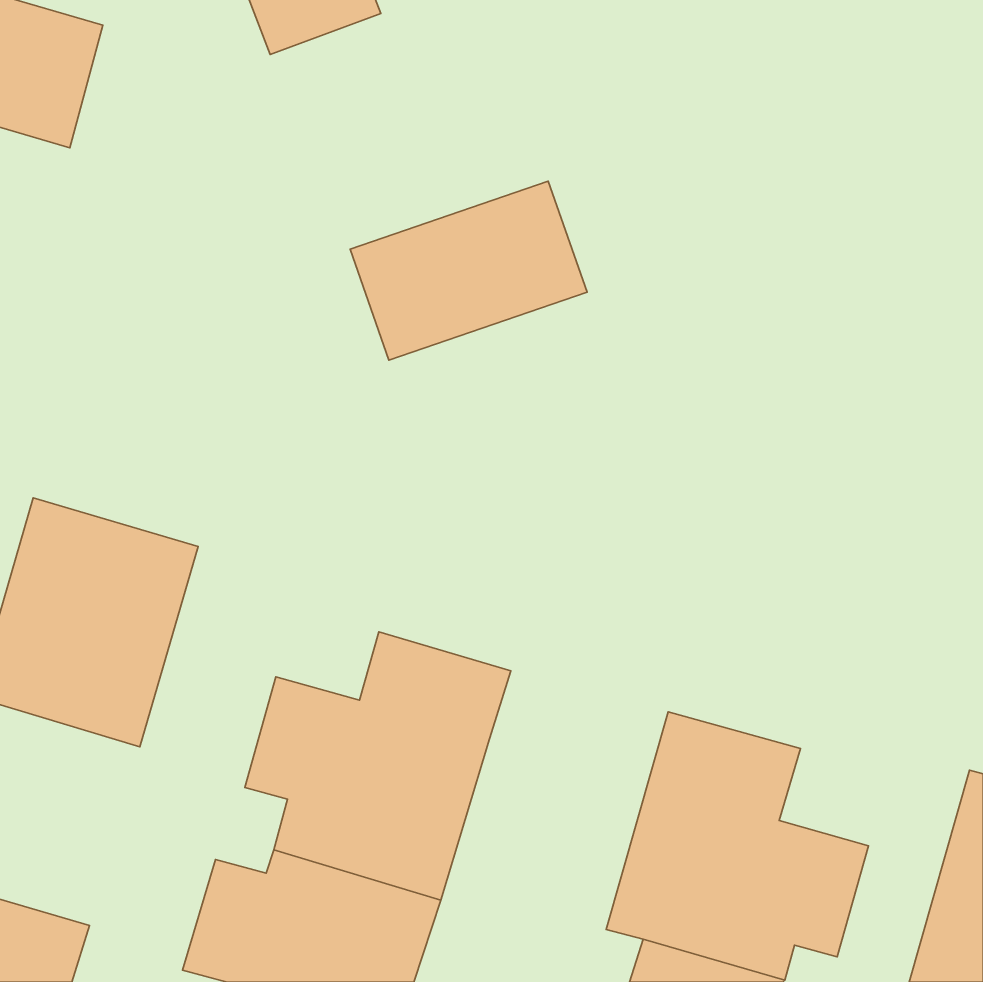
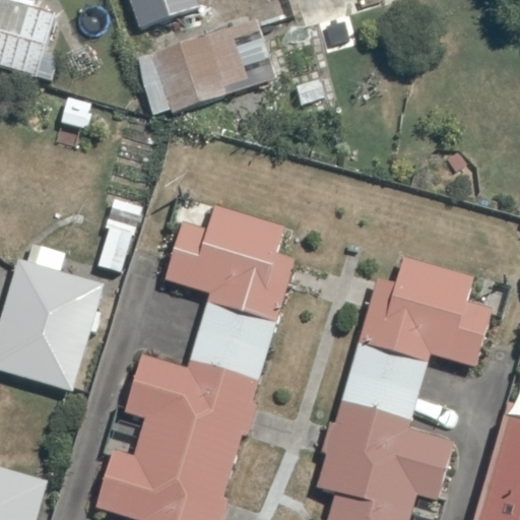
building: [350,181,587,360] -> [151,19,275,113]
building: none -> [166,207,295,350]
building: none -> [349,257,492,391]

